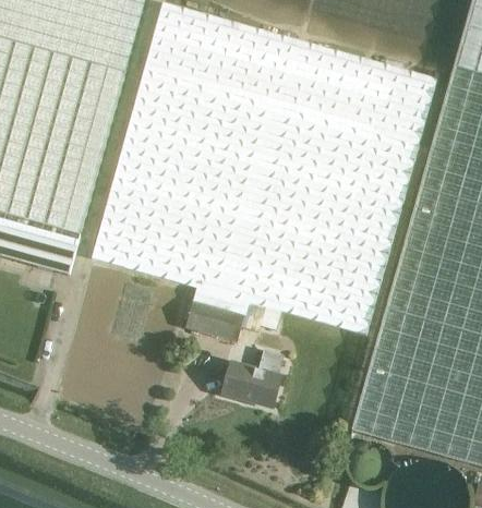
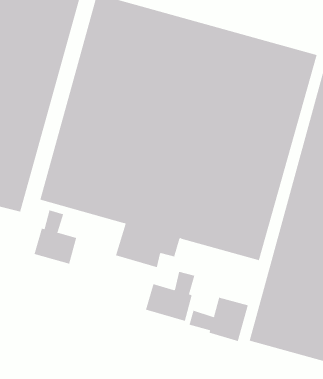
building: none -> [34,209,77,265]
building: none -> [189,297,248,342]

